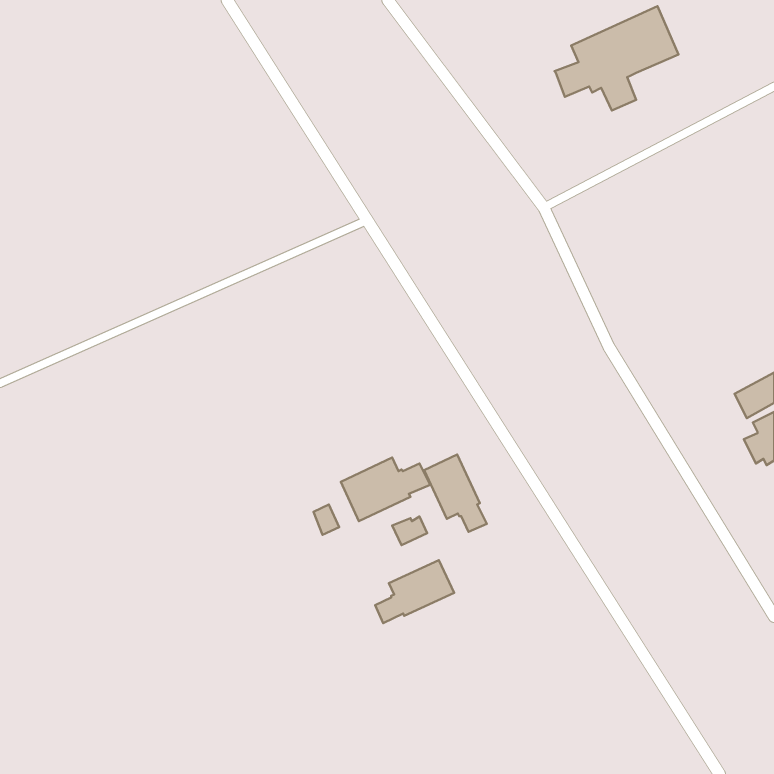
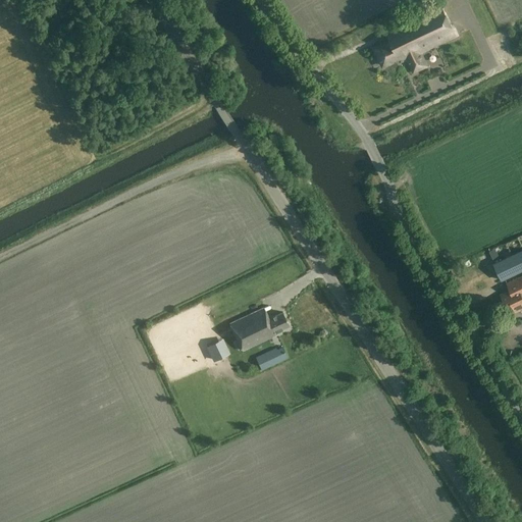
building: [424,455,487,532] -> none
building: [375,560,454,623] -> none

